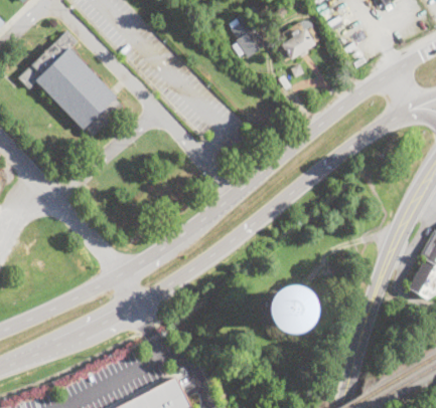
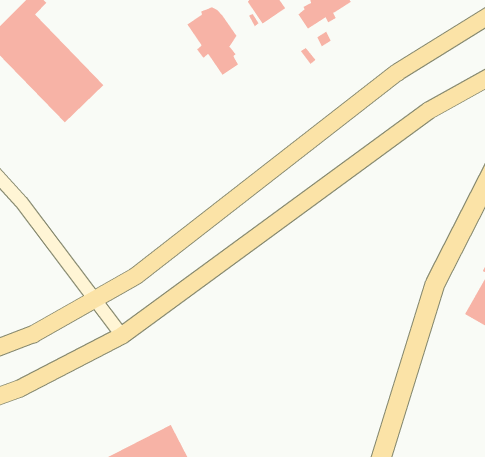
building: none -> [186,7,239,76]
building: [267,283,315,332] -> none

